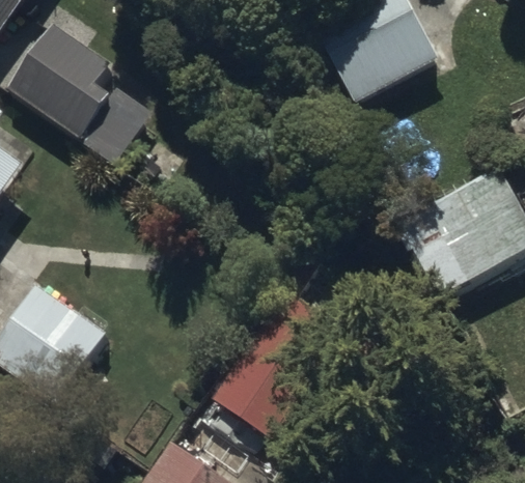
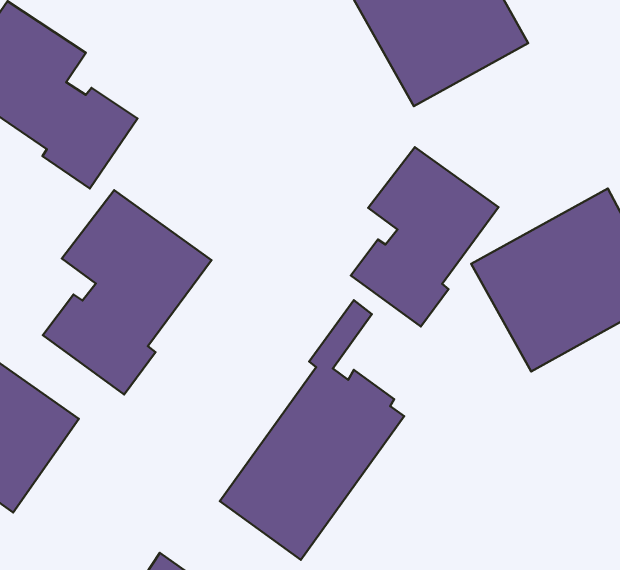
building: none -> [351,147,498,327]
building: none -> [43,190,211,394]

